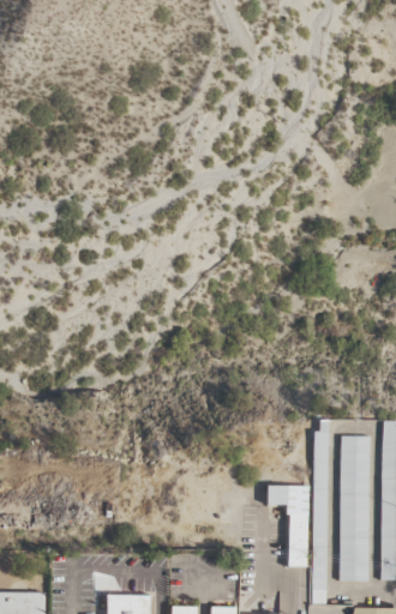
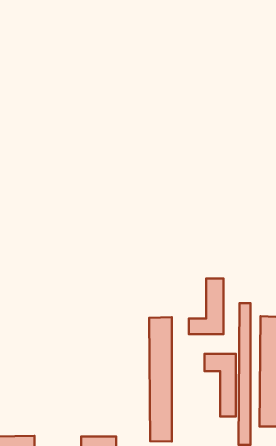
building: none -> [189,279,223,334]
building: none -> [149,317,172,441]

